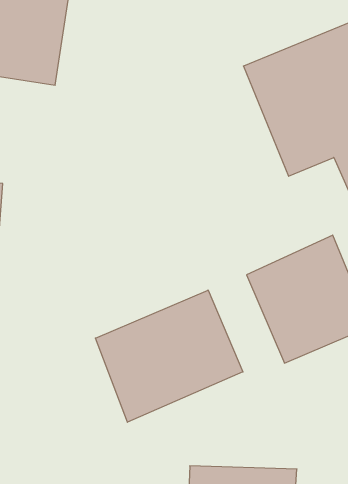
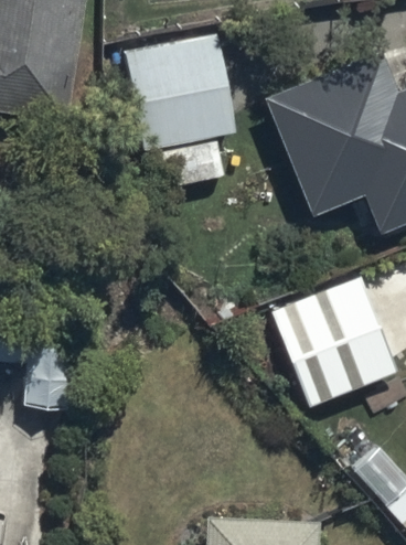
building: none -> [127,38,236,191]
building: [95,290,243,422] -> none

